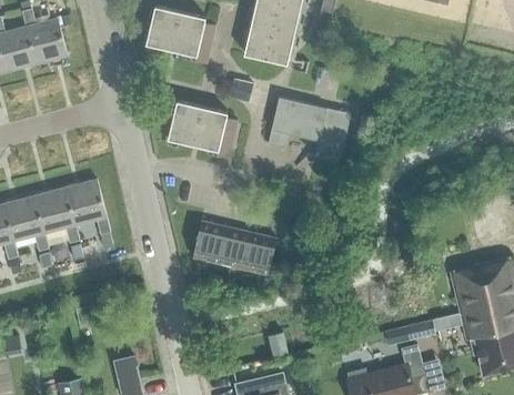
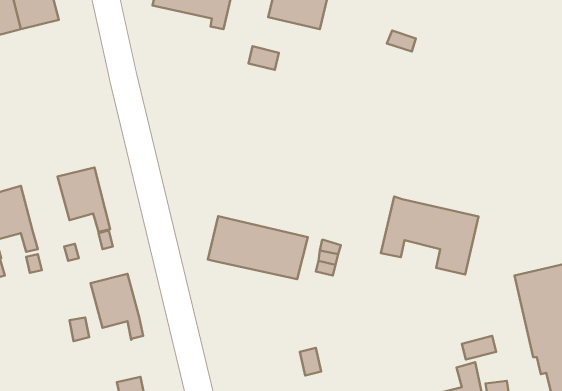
building: [268,97,350,162] -> [381,197,478,274]
building: [168,100,236,159] -> none
building: [34,188,79,243] -> [90,274,143,340]

